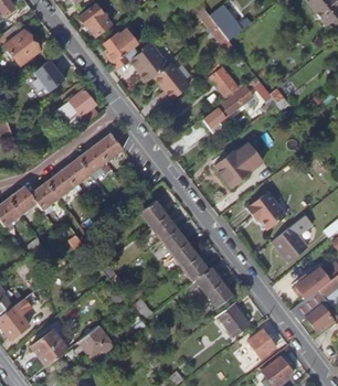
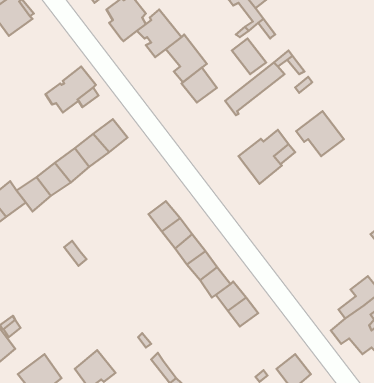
building: [25,58,66,97] -> none
building: none -> [181,68,217,103]
building: [246,191,286,228] -> [296,111,344,156]
building: [272,227,306,262] -> none
building: [218,301,251,335] -> none

